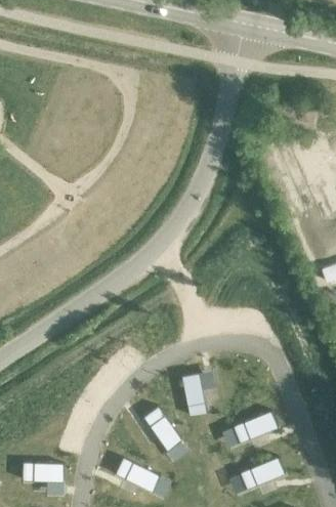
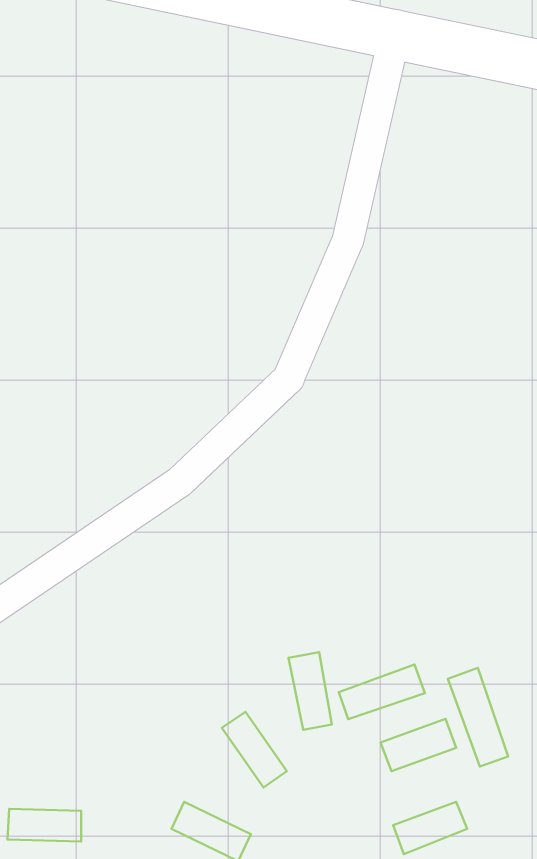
building: none -> [339,665,425,719]
building: none -> [448,668,508,766]

